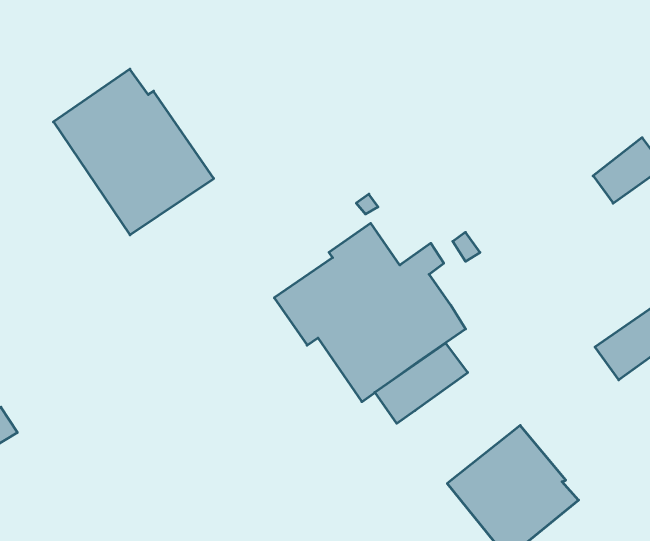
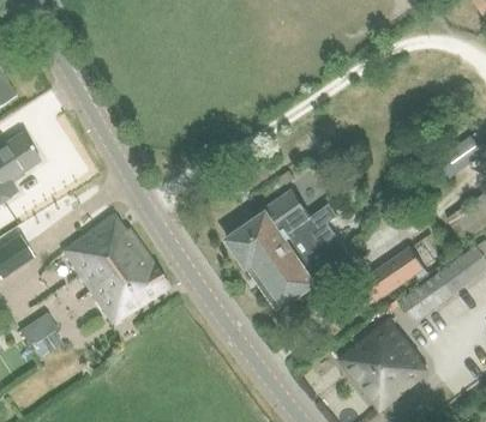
building: [53,69,214,235] -> [62,215,168,324]
building: [375,343,468,423] -> [361,249,422,302]
building: none -> [397,271,452,321]

